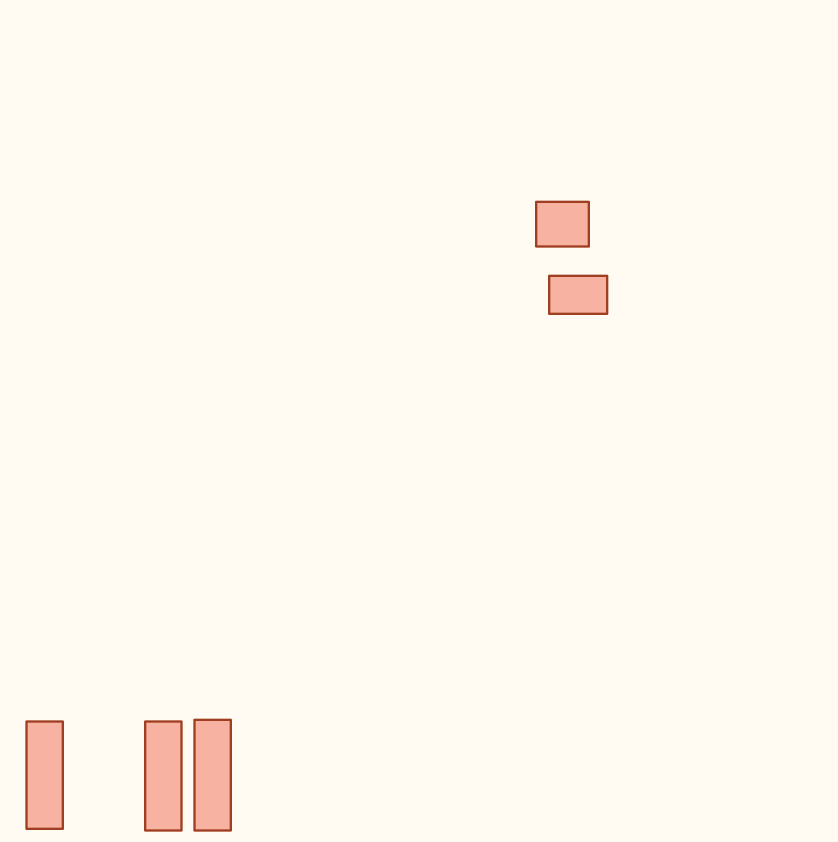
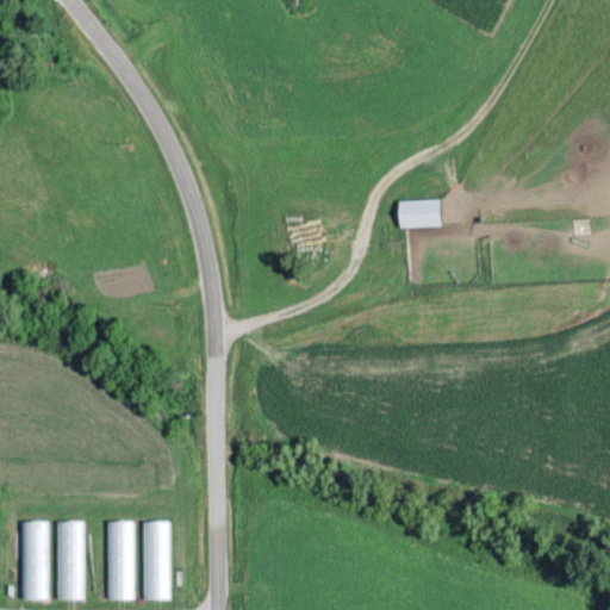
building: [536,202,589,246] -> none
building: none -> [60,522,83,600]

